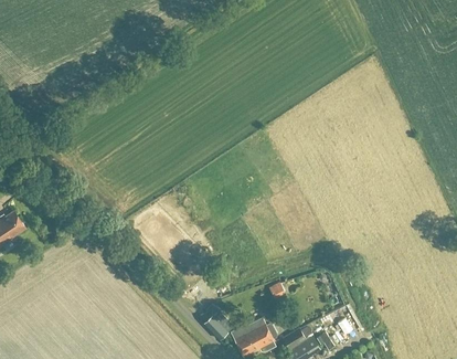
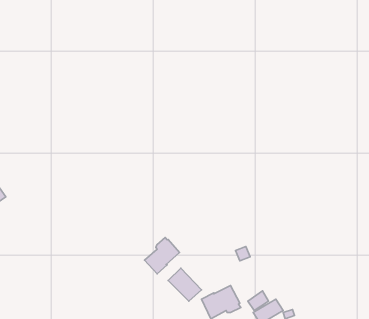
building: none -> [144,237,179,274]

